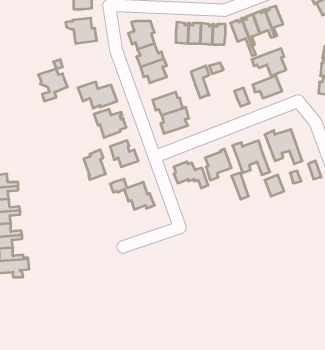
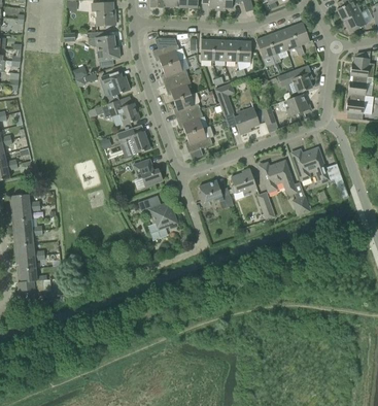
building: [38,69,68,101] -> [100,70,130,103]
building: none -> [172,92,200,117]
building: none -> [234,106,259,133]
building: [84,150,105,180] -> none

